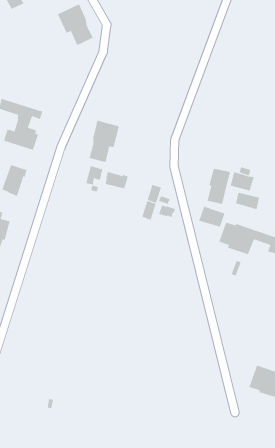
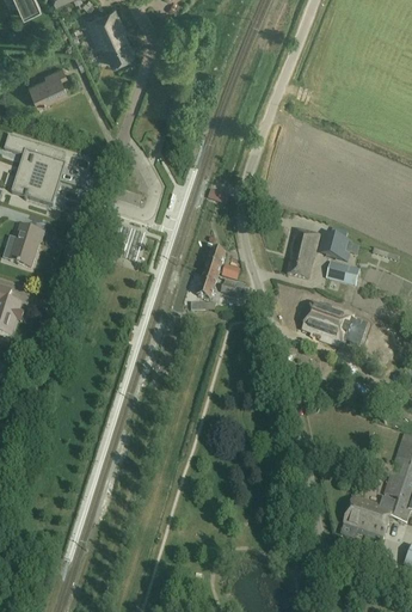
building: none -> [30,67,68,105]
building: [89,120,119,163] -> none
building: [105,171,128,189] -> none
building: [198,206,225,228] -> none

